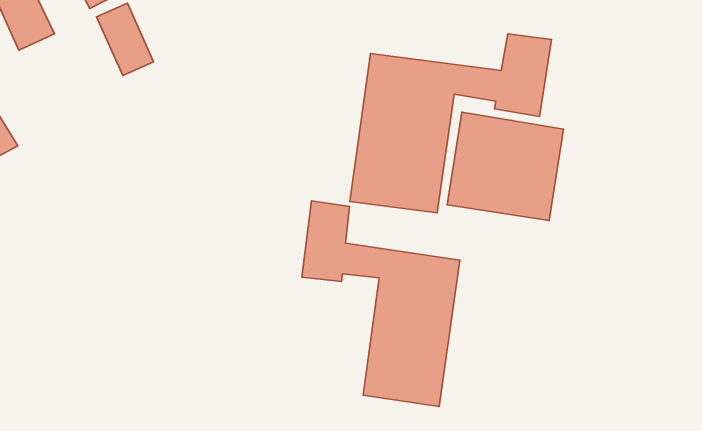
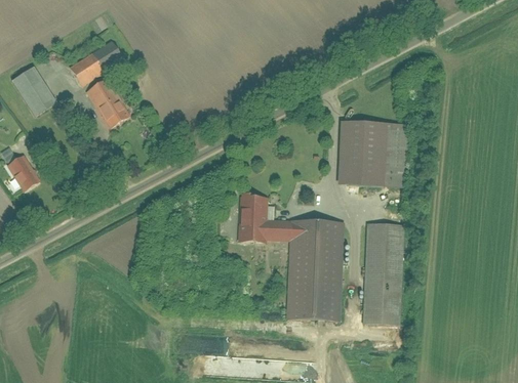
building: [350,34,551,213] -> none
building: none -> [365,222,404,324]

